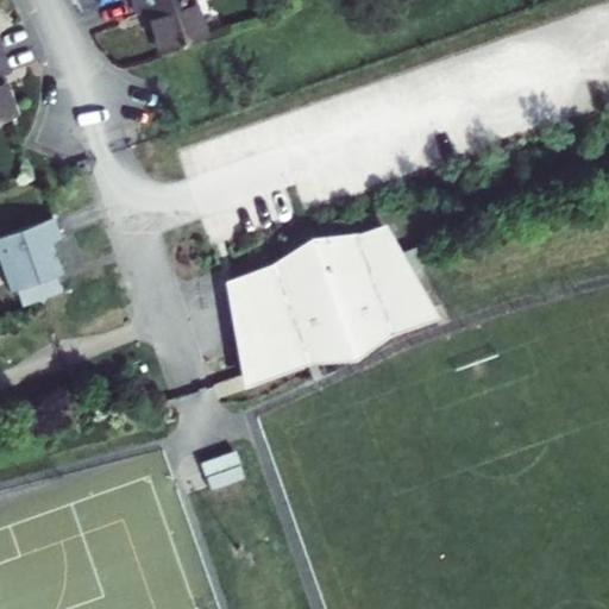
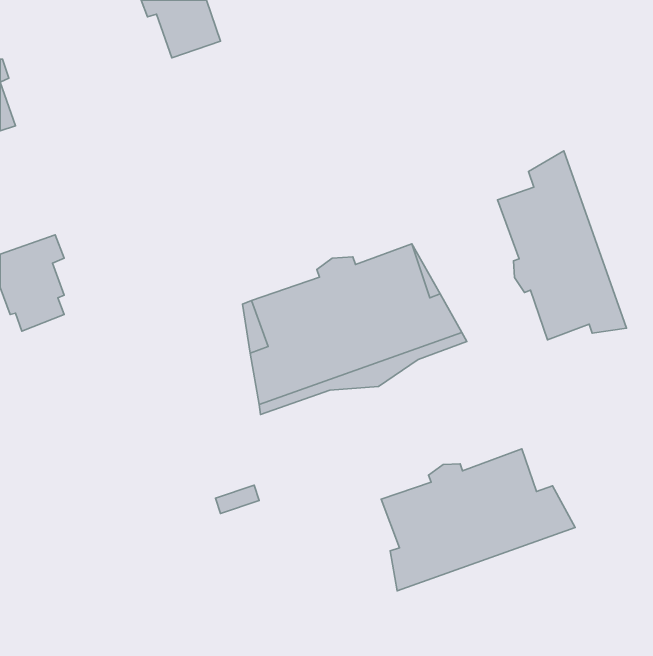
building: none -> [498,151,627,340]
building: none -> [381,449,575,591]

